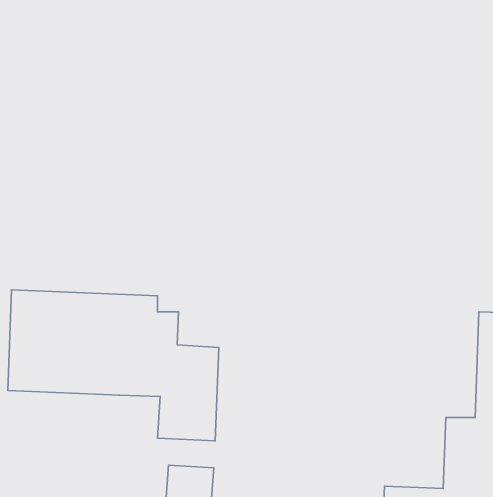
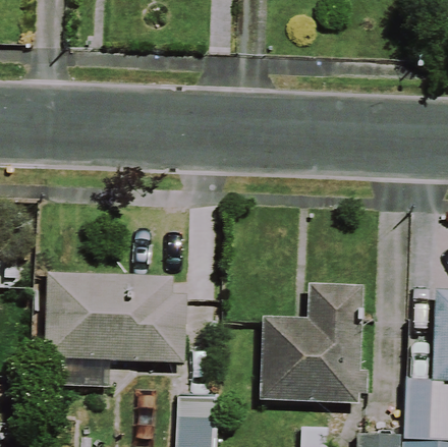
building: none -> [260,283,361,402]

